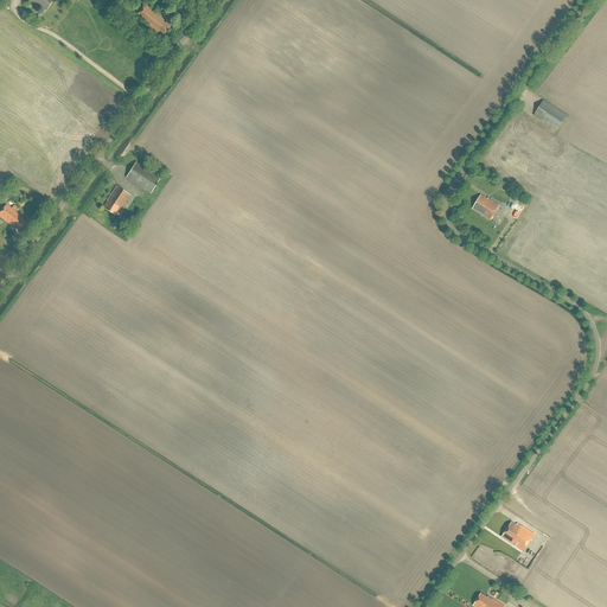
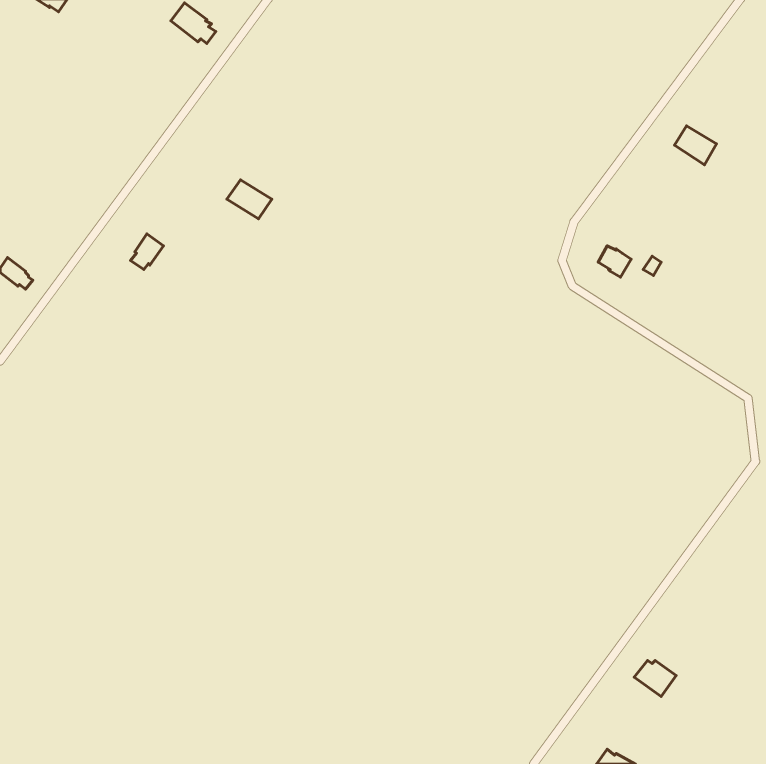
building: [126,161,161,192] -> [227,180,272,219]

